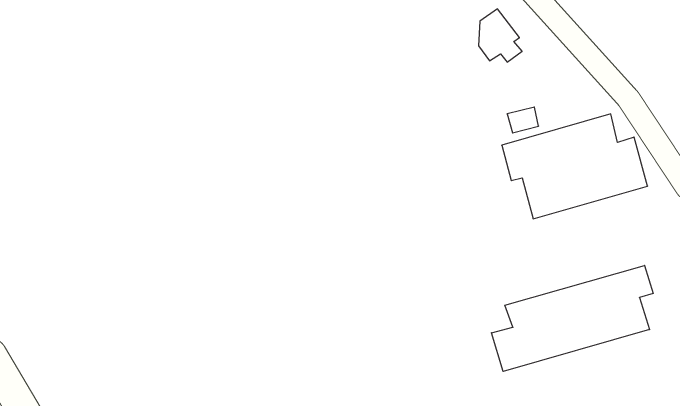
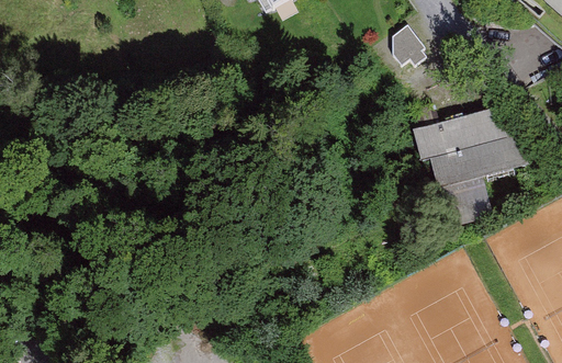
building: [491,265,653,371] -> none

